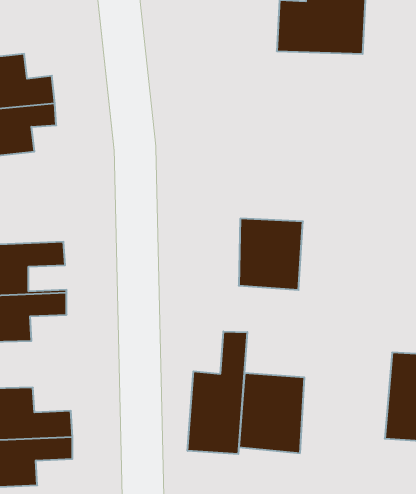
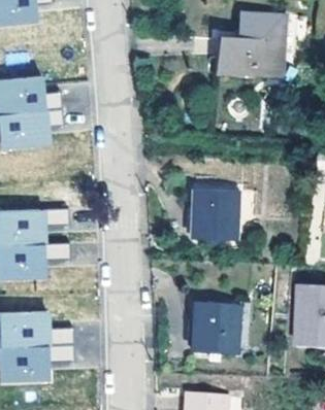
building: [188,331,247,454] -> none

